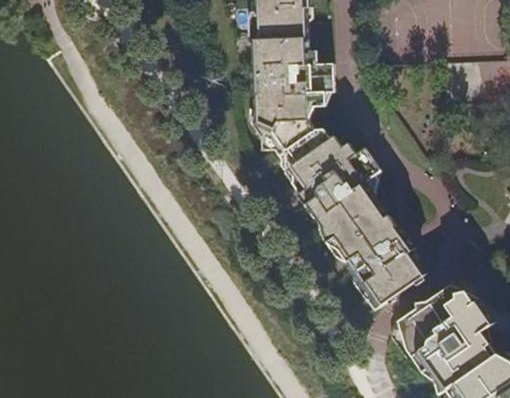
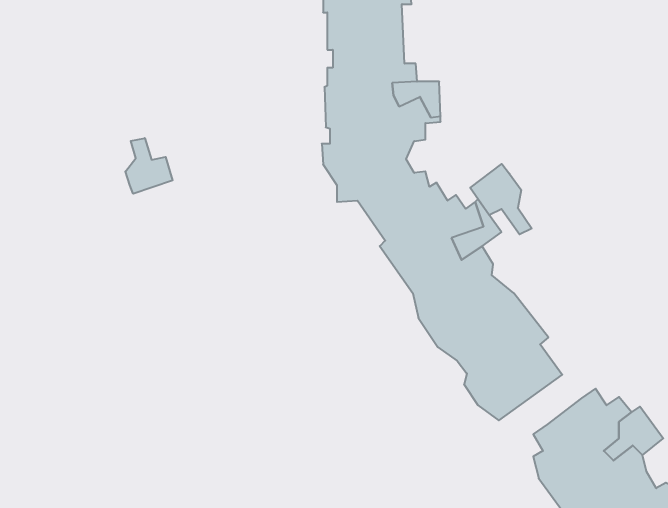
building: none -> [125,138,173,194]
building: none -> [470,164,532,234]

